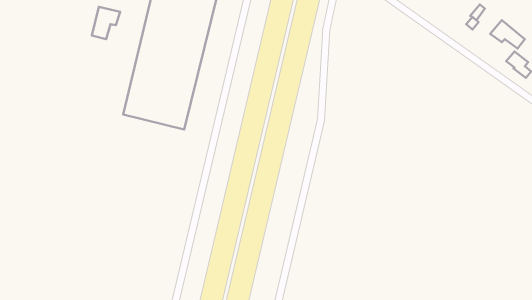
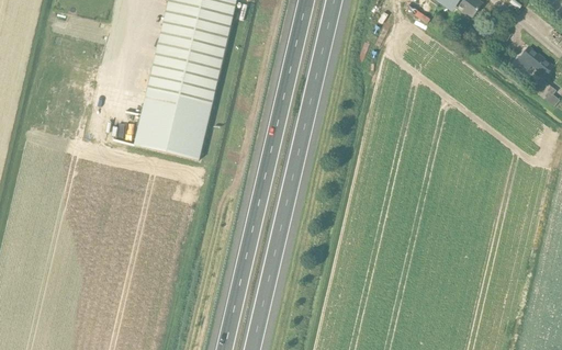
building: [92,7,120,39] -> none

